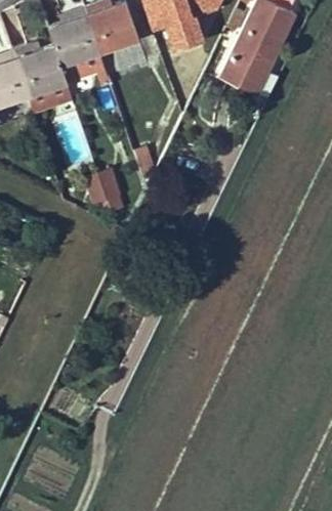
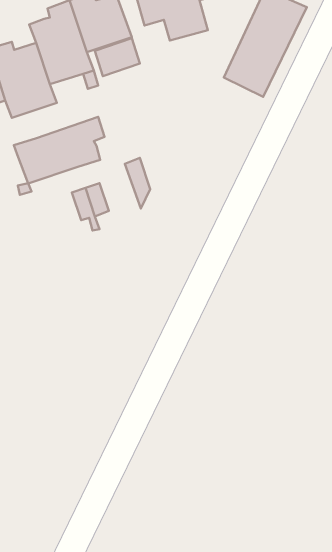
building: none -> [14,117,104,184]

